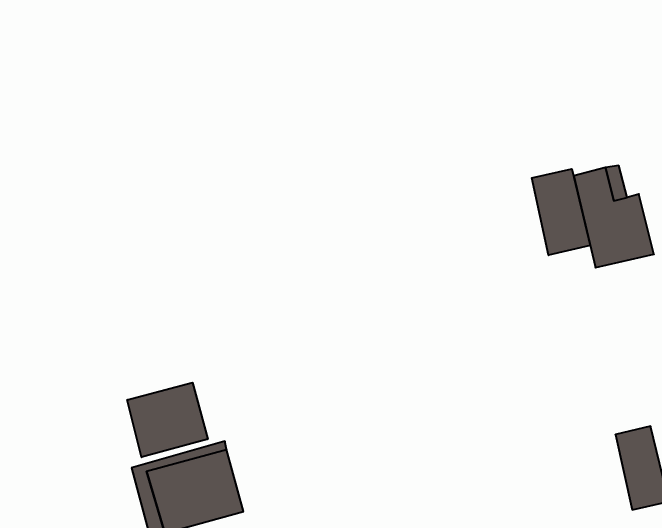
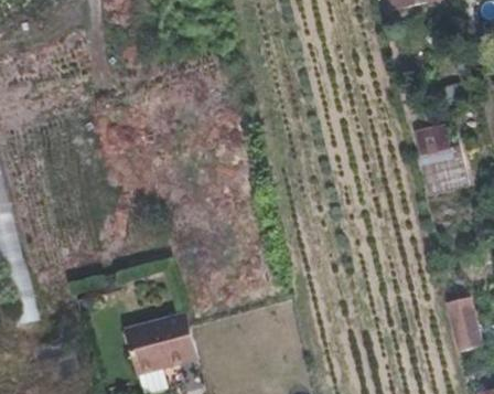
building: [532,169,590,255] -> none
building: [127,383,208,457] -> none

